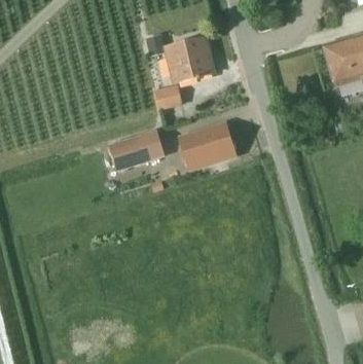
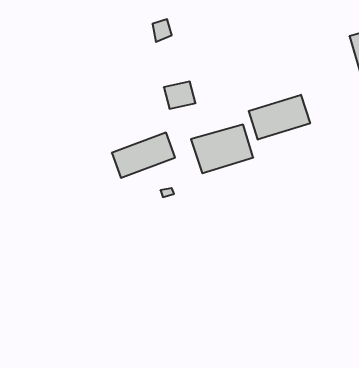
building: [165,37,216,83] -> none
building: none -> [249,95,310,140]

